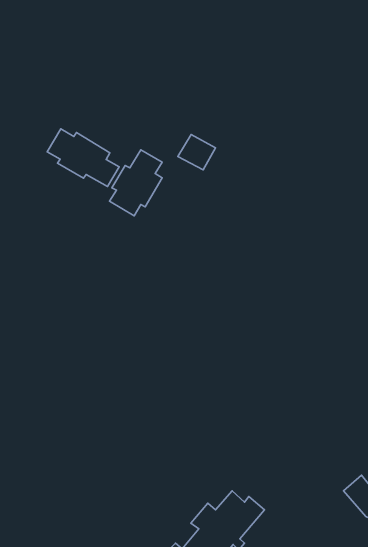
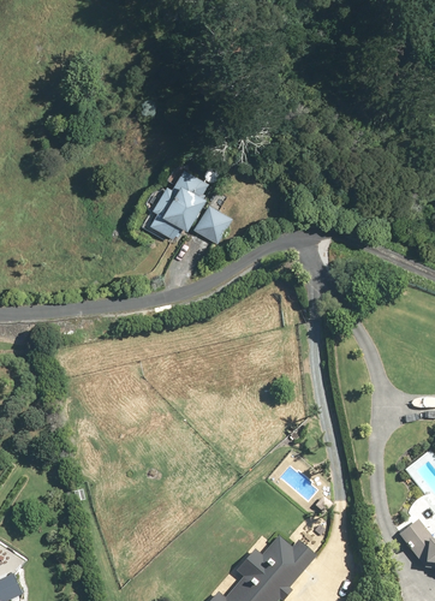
building: [47,129,119,186] -> none
building: [178,134,216,170] -> [195,204,236,243]

